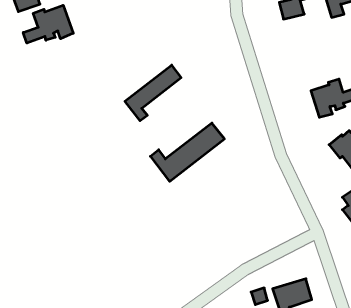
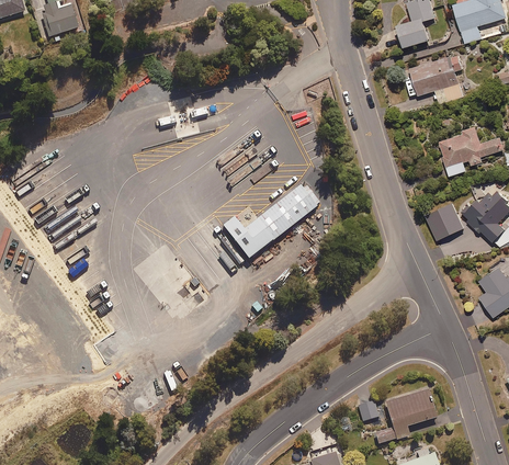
building: [23,5,73,43] -> none
building: none -> [407,54,461,104]
building: [125,65,181,121] -> none
building: none -> [423,203,462,240]

